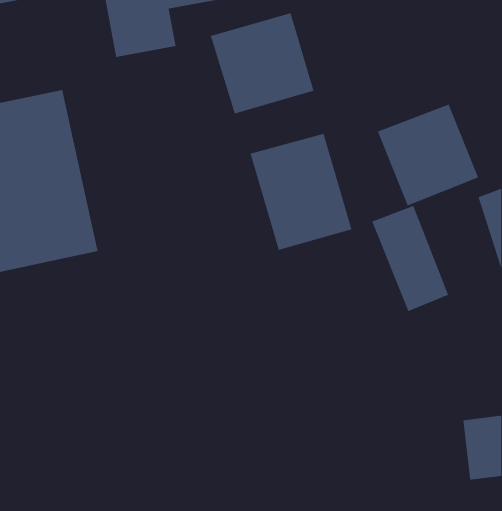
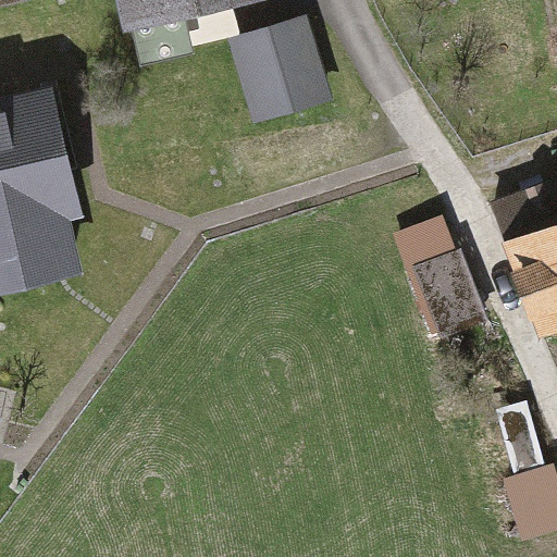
building: [377,103,479,206] -> none
building: [249,133,352,251] -> none

